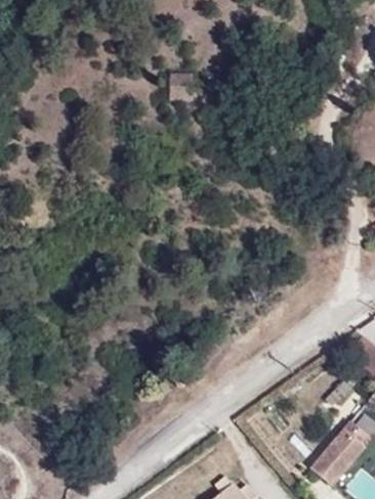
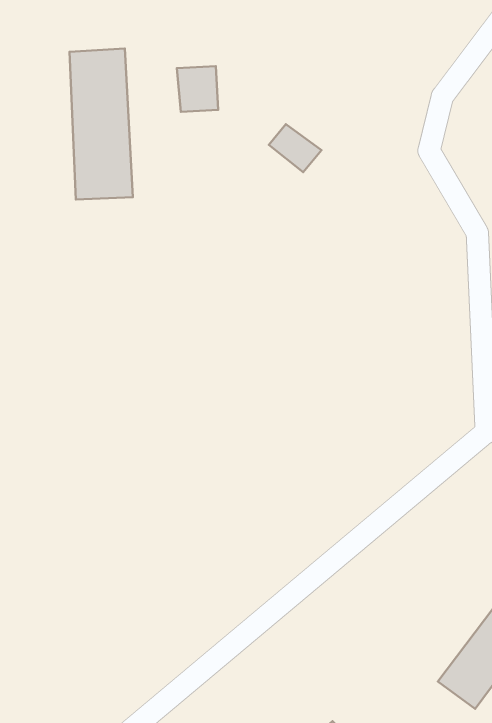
building: none -> [70,48,133,199]

